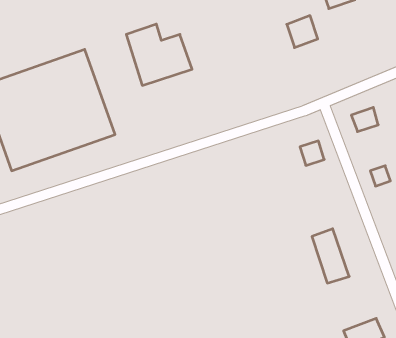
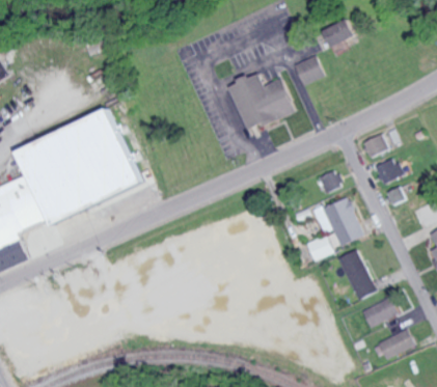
building: [126,24,192,85] -> [228,73,293,131]
building: none -> [374,158,401,183]
building: none -> [305,196,362,260]
building: none -> [359,296,397,327]

